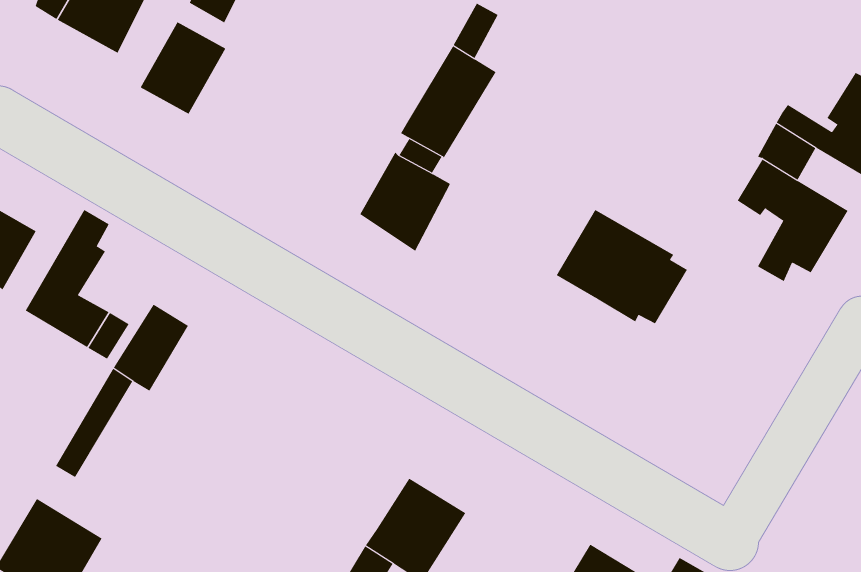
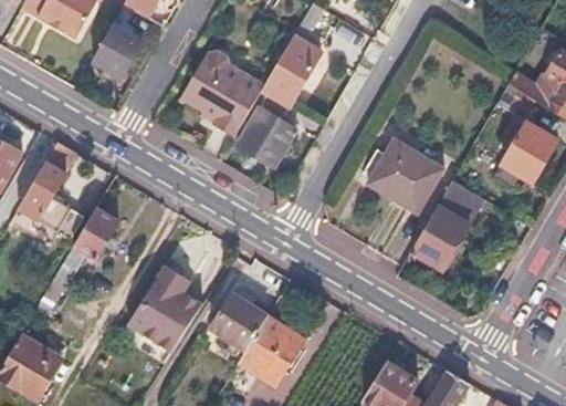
building: none -> [182,50,268,137]
building: none -> [409,180,483,270]
building: none -> [130,264,205,352]
building: none -> [213,294,269,350]

